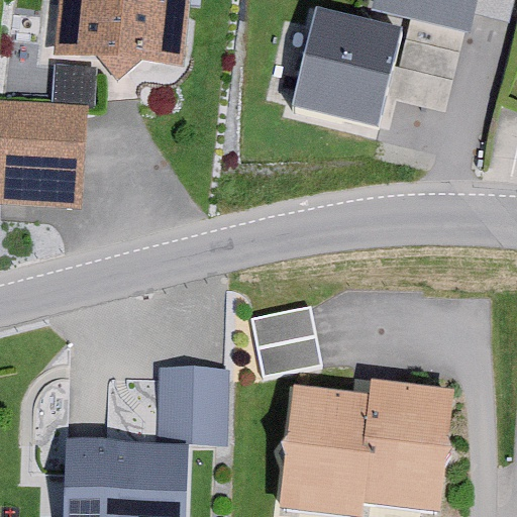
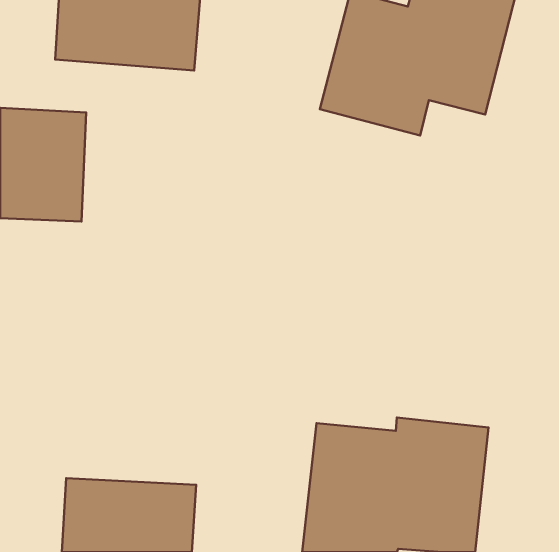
building: [250,307,316,373] -> none
building: [156,368,220,438] -> none

